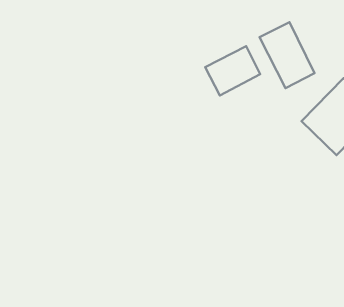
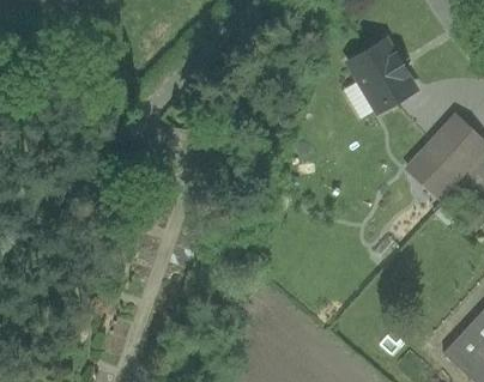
building: [205,46,260,96] -> none

